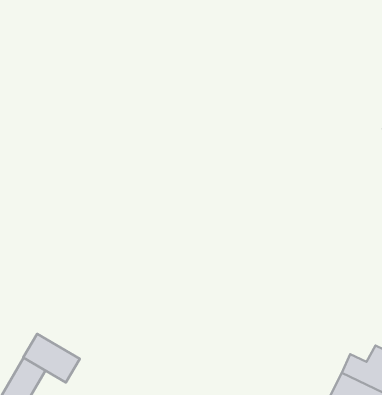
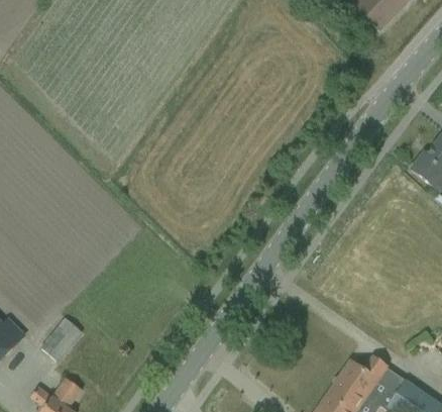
building: [23,334,80,382] -> none

